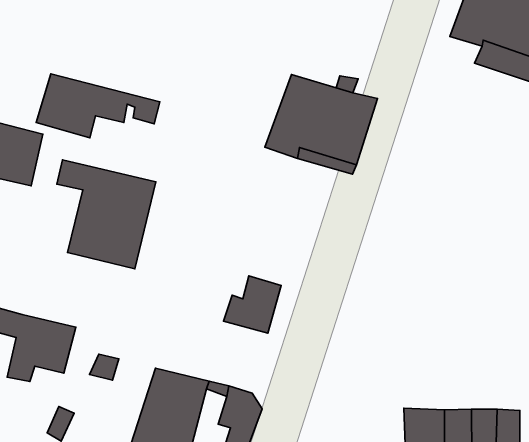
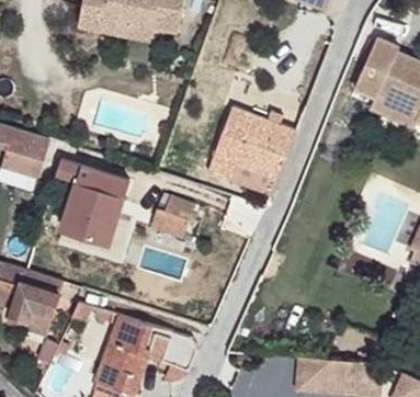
building: [36,74,160,138] -> none
building: [223,276,281,333] -> [150,195,194,238]

